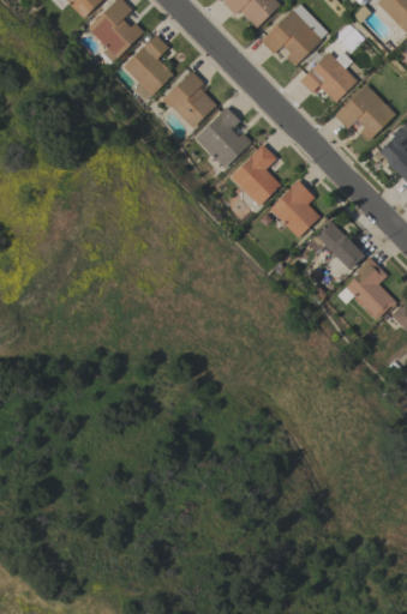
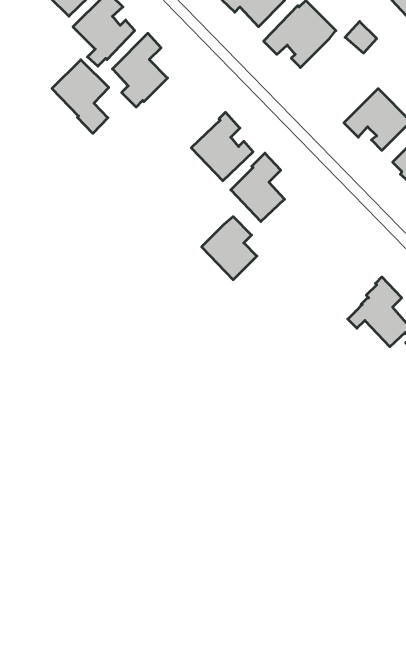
building: [300,50,358,102] -> none
building: none -> [52,60,109,133]
building: [162,70,217,127] -> none
building: [270,180,321,237] -> [202,217,257,280]
building: [309,219,366,270] -> none

